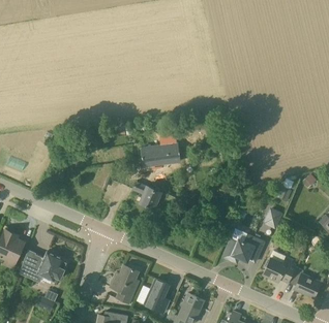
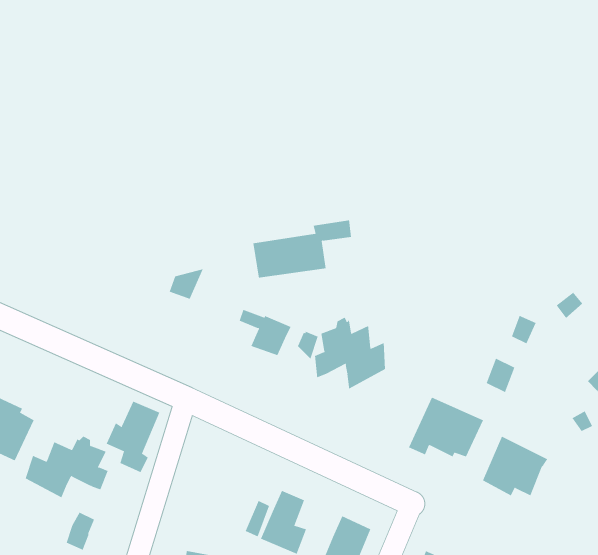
building: none -> [315,317,385,390]
building: [110,264,139,302] -> [106,401,160,473]
building: [289,266,320,297] -> none

